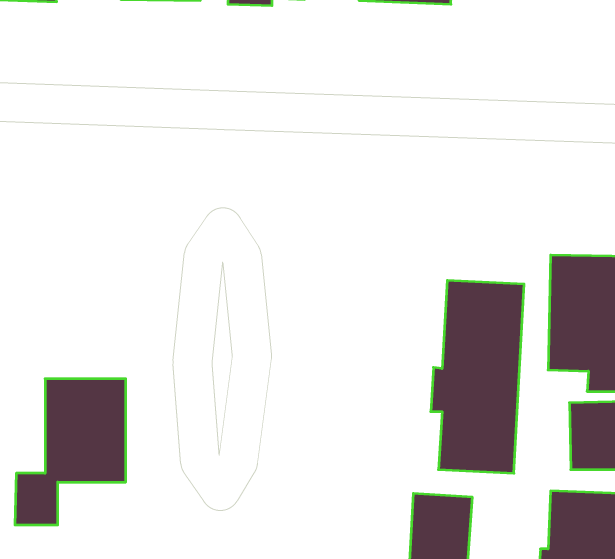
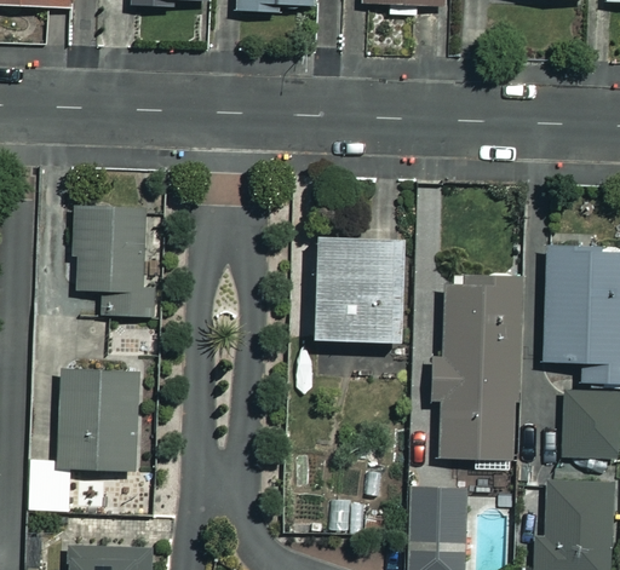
building: none -> [74,207,154,316]
building: none -> [311,238,401,341]

